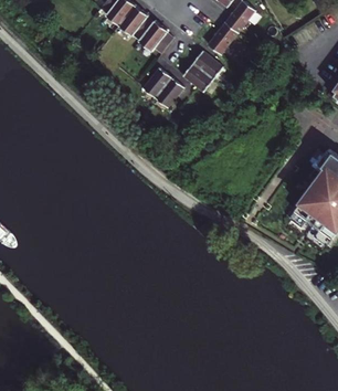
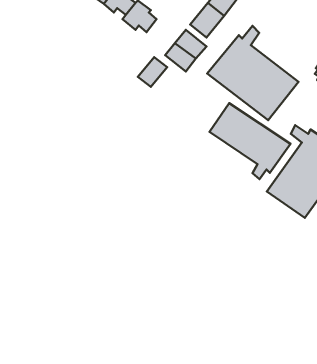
building: none -> [207,26,299,120]
building: [142,68,172,99] -> none
building: none -> [209,103,291,179]

